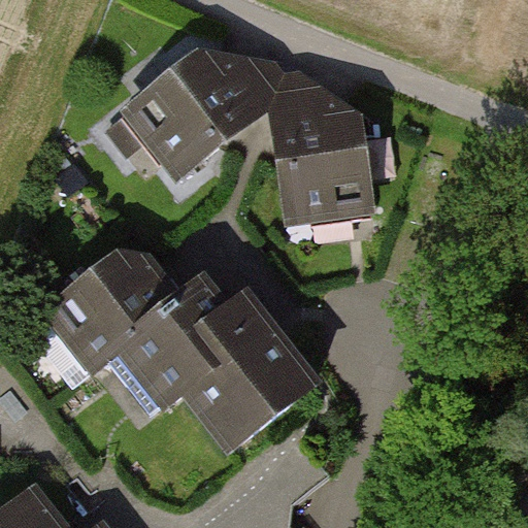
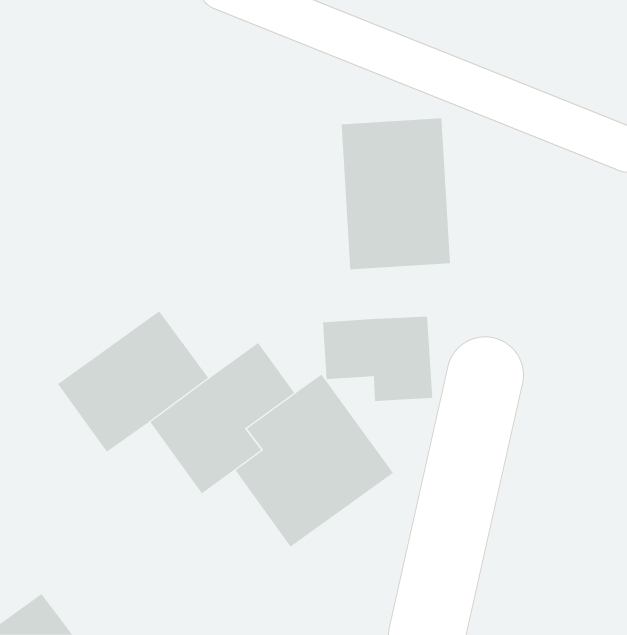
building: [131,54,277,178] -> none
building: none -> [323,316,433,402]

